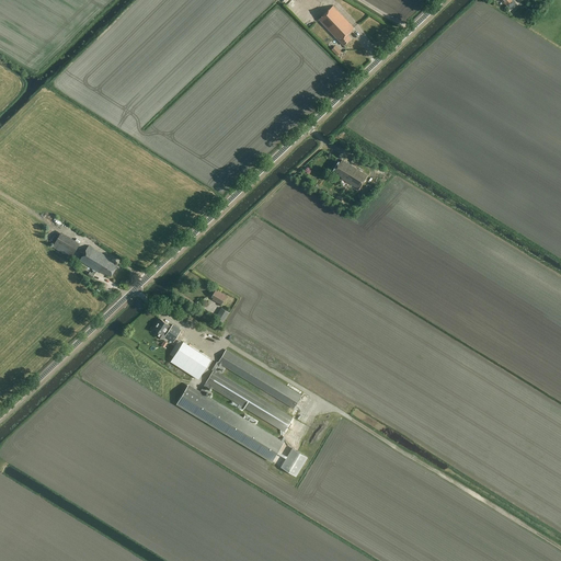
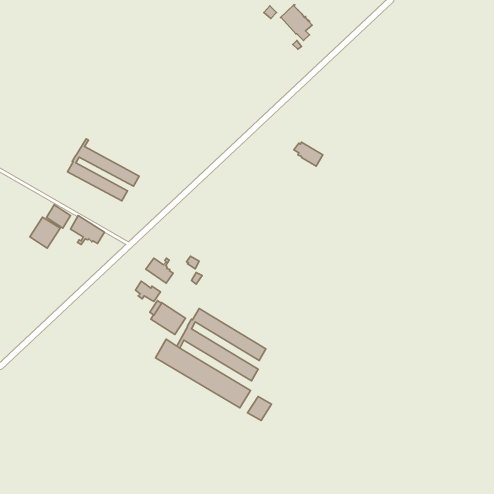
building: none -> [67,139,139,201]
building: none -> [30,217,60,248]
building: none -> [146,258,173,283]

